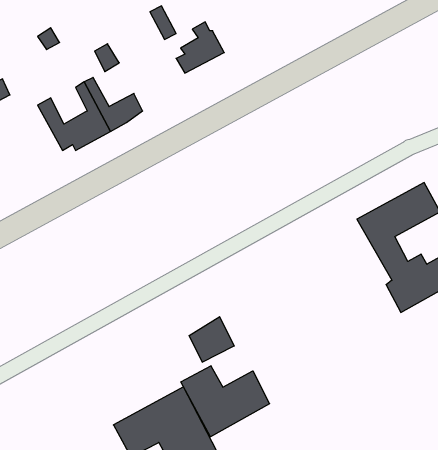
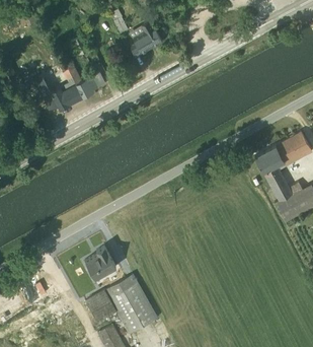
building: [189,317,234,362] -> [85,249,116,280]
building: [181,366,270,437] -> none

